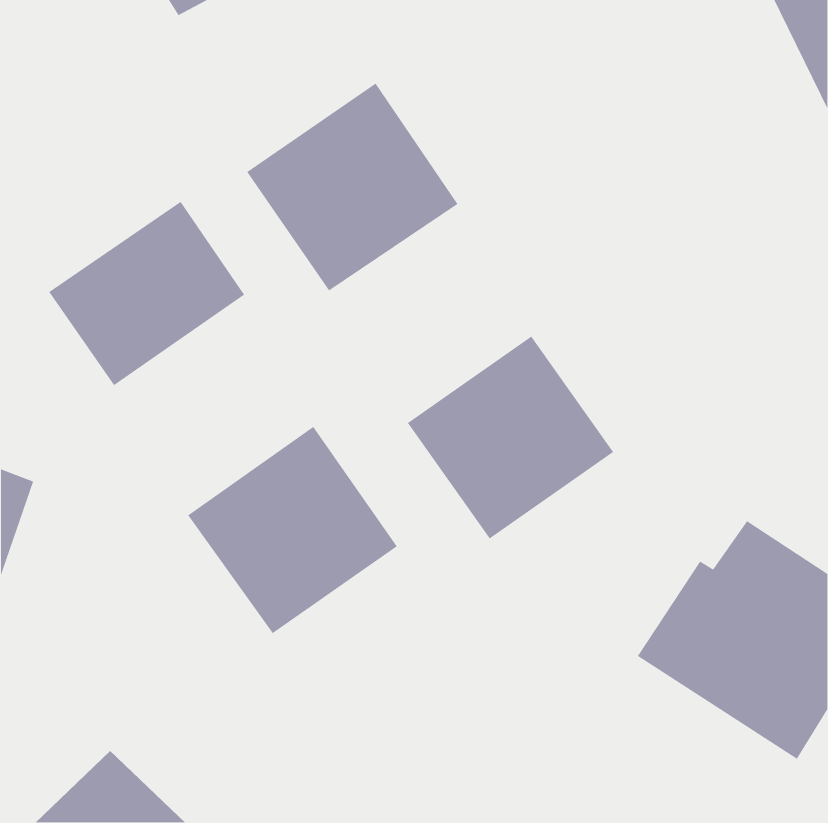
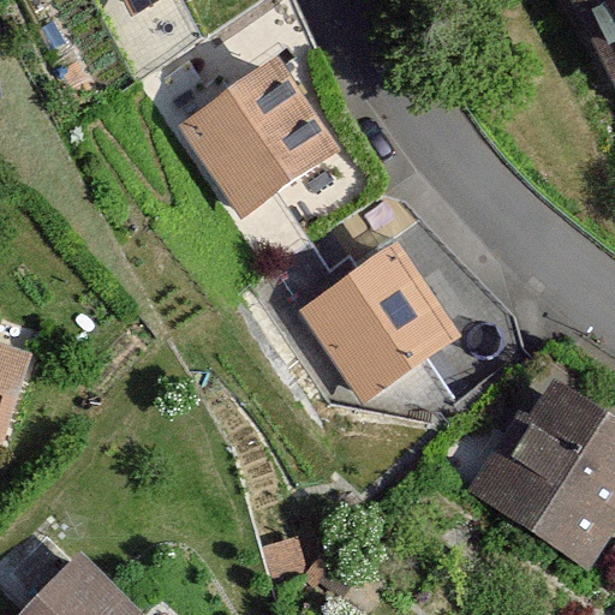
building: [48,201,245,386] -> none
building: [187,426,398,634] -> none

